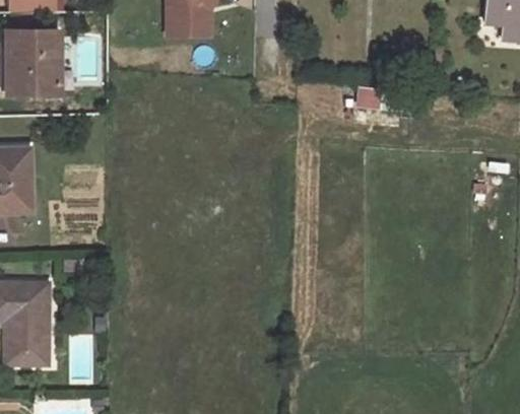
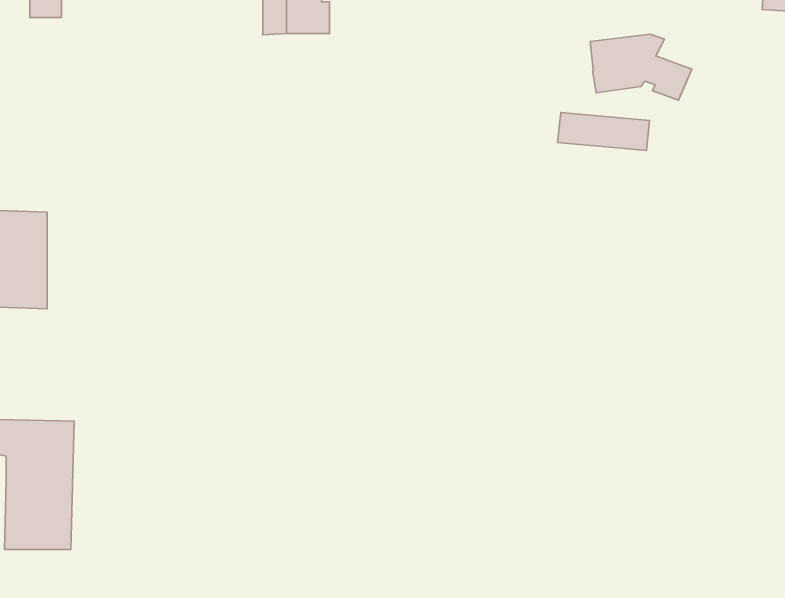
building: [7,31,60,95] -> none
building: none -> [590,34,692,100]

